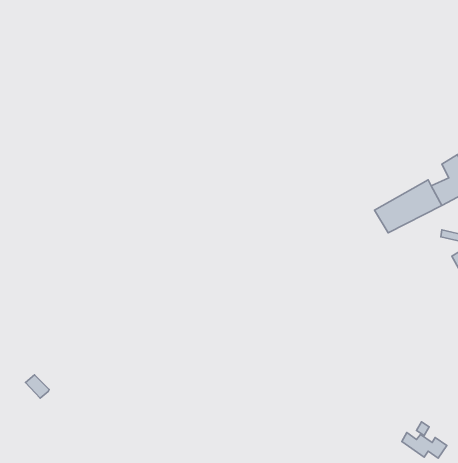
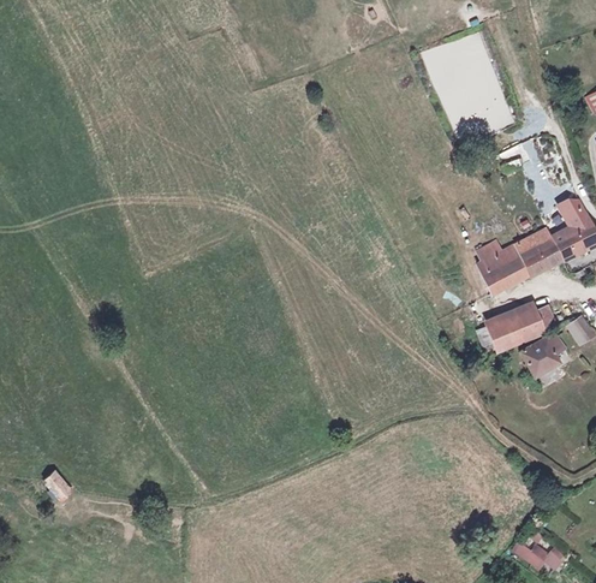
building: none -> [489,308,546,350]
building: none -> [524,332,566,373]

